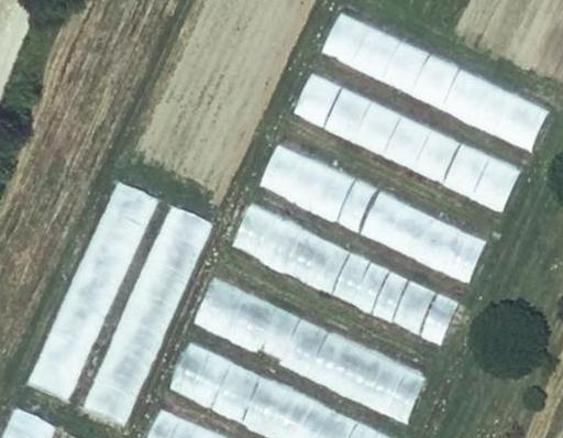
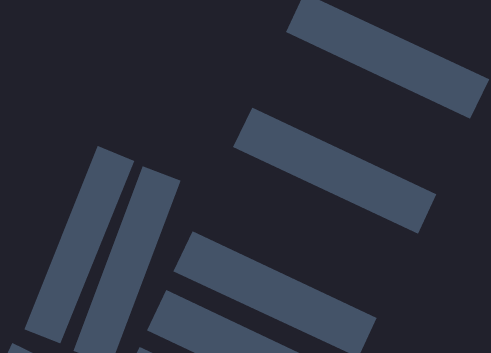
building: [294,74,523,217] -> none
building: [232,202,462,346] -> none

